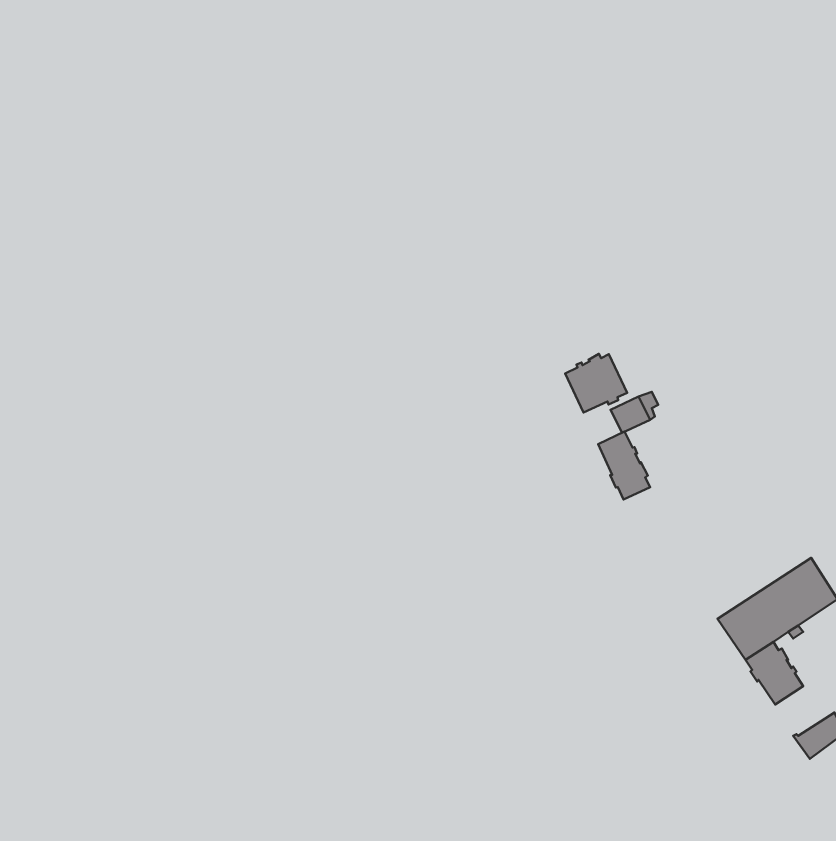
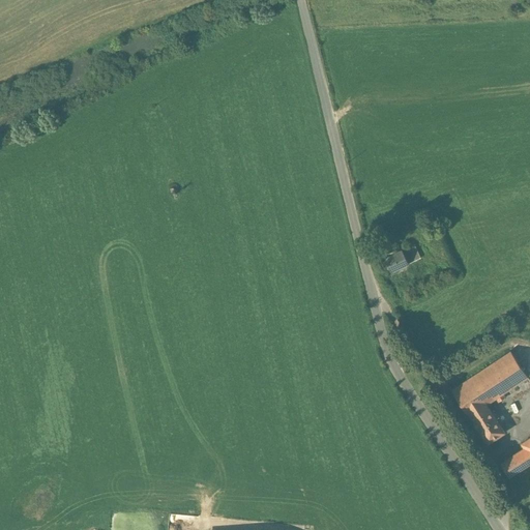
building: [565,354,627,412] -> none
building: [598,432,650,500] -> none

